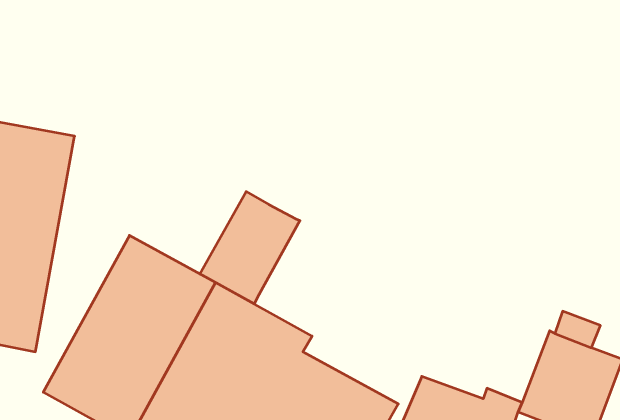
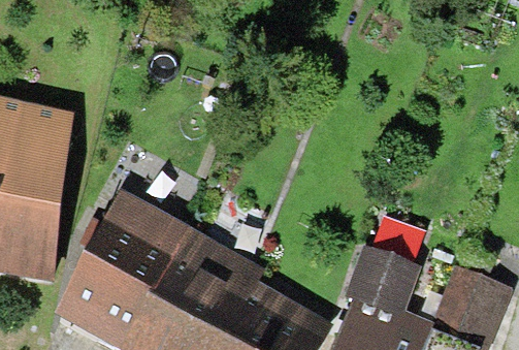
building: [200,192,300,304] -> none
building: none -> [343,247,420,320]

